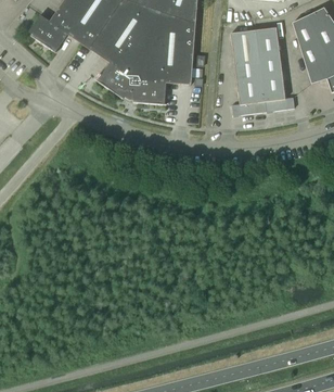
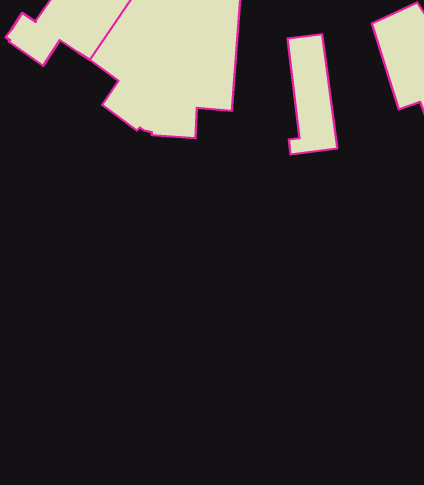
building: [256,27,294,111] -> none

